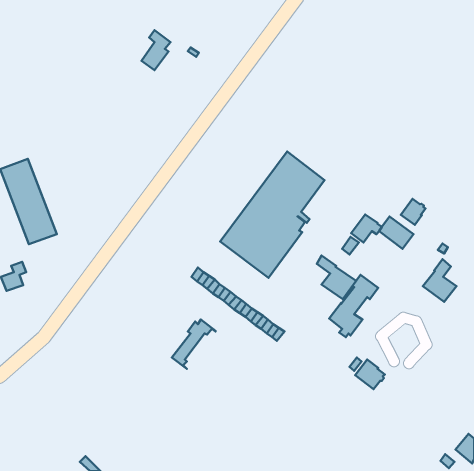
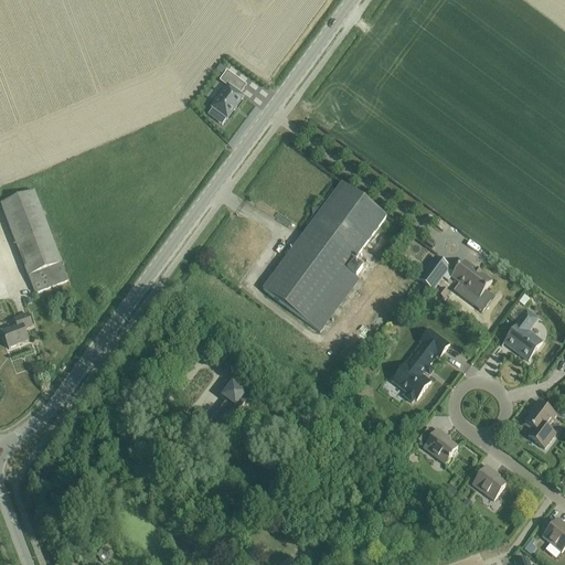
building: [142,30,170,70] -> [211,68,245,116]
building: [401,199,425,225] -> none
building: [317,255,356,299] -> none
building: none -> [523,398,555,447]
building: none -> [471,463,505,499]

